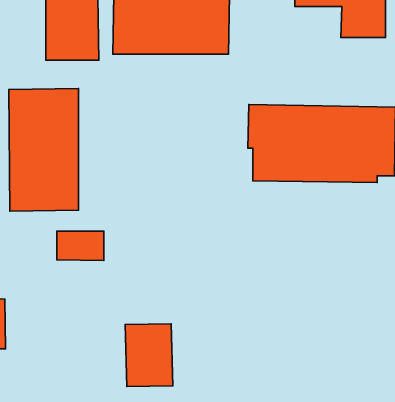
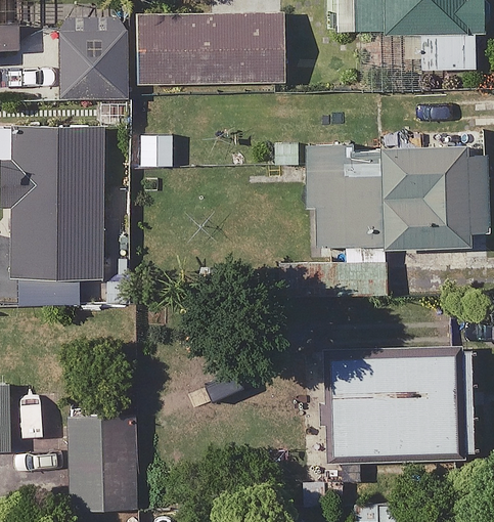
building: none -> [331,352,474,455]
building: [125,324,173,387] -> [74,418,132,494]

